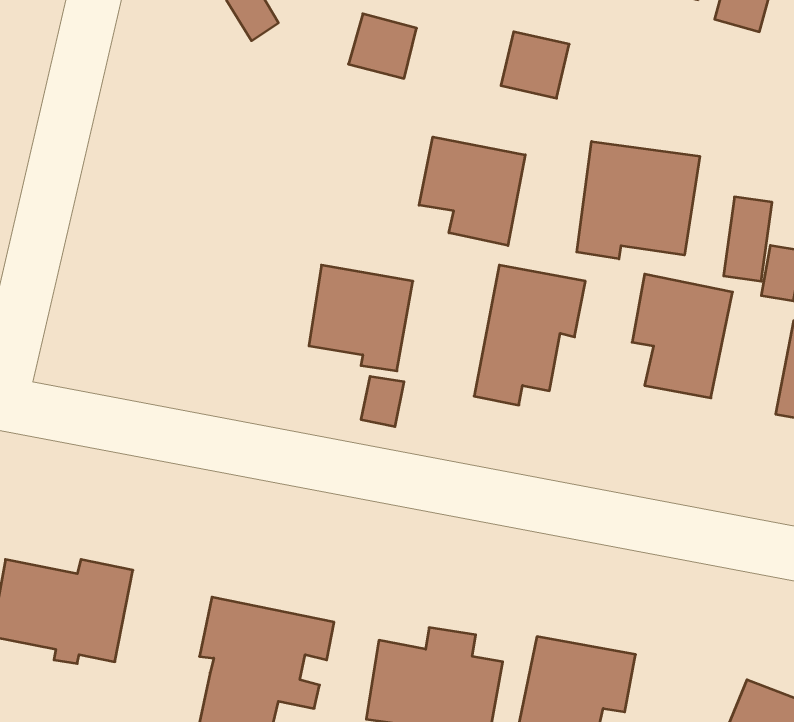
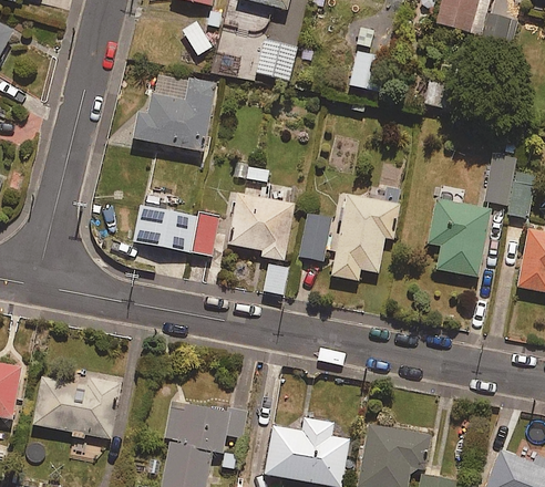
building: none -> [135,80,216,152]
building: [419,137,525,246] -> none
building: [577,141,700,259] -> none
building: none -> [134,206,218,255]
building: none -> [299,214,330,260]

